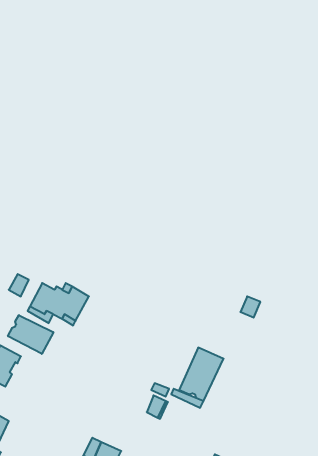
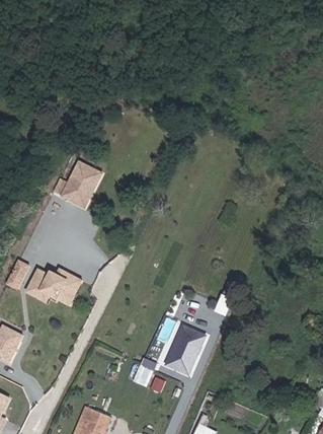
building: none -> [57,157,102,208]
building: [8,315,53,354] -> none

